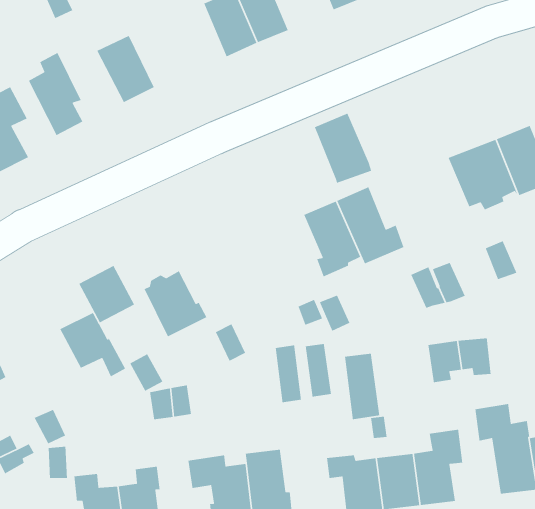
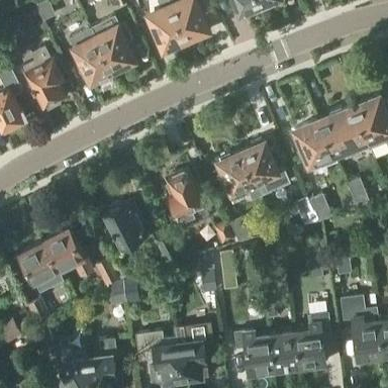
building: none -> [94,23,133,72]
building: [314,113,372,184] -> [295,121,336,172]
building: none -> [166,169,206,223]
building: [78,265,135,323] -> [19,243,60,284]
building: [344,353,380,420] -> none

